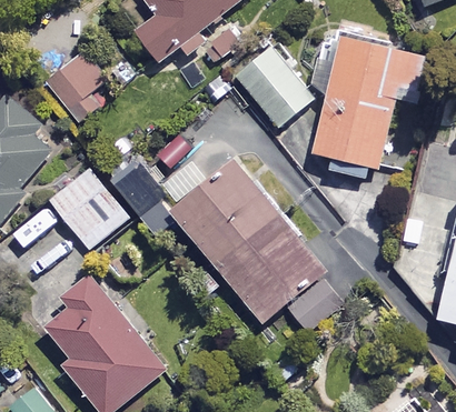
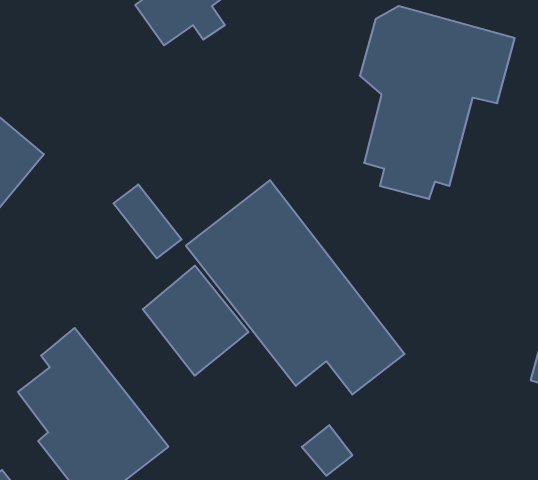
building: [235,46,310,125] -> none
building: [47,54,106,121] -> none
building: [47,164,128,249] -> [143,266,248,376]

